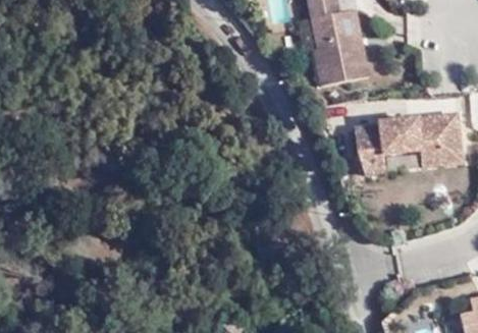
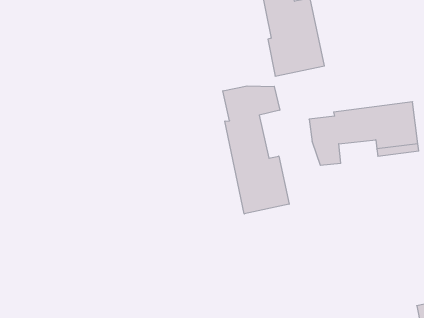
building: none -> [223,86,289,214]

